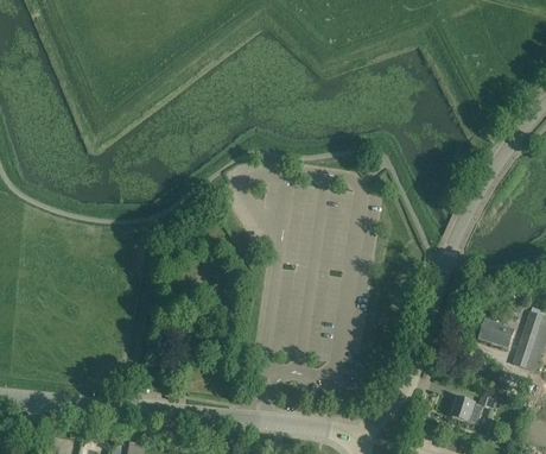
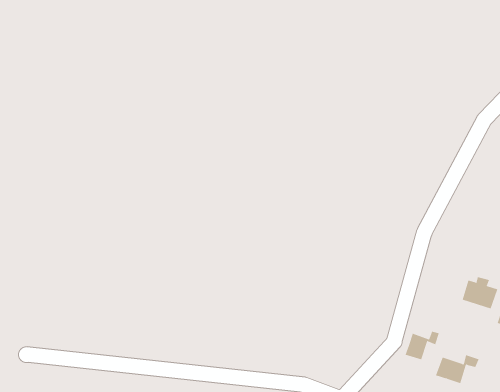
building: none -> [405,331,440,360]

